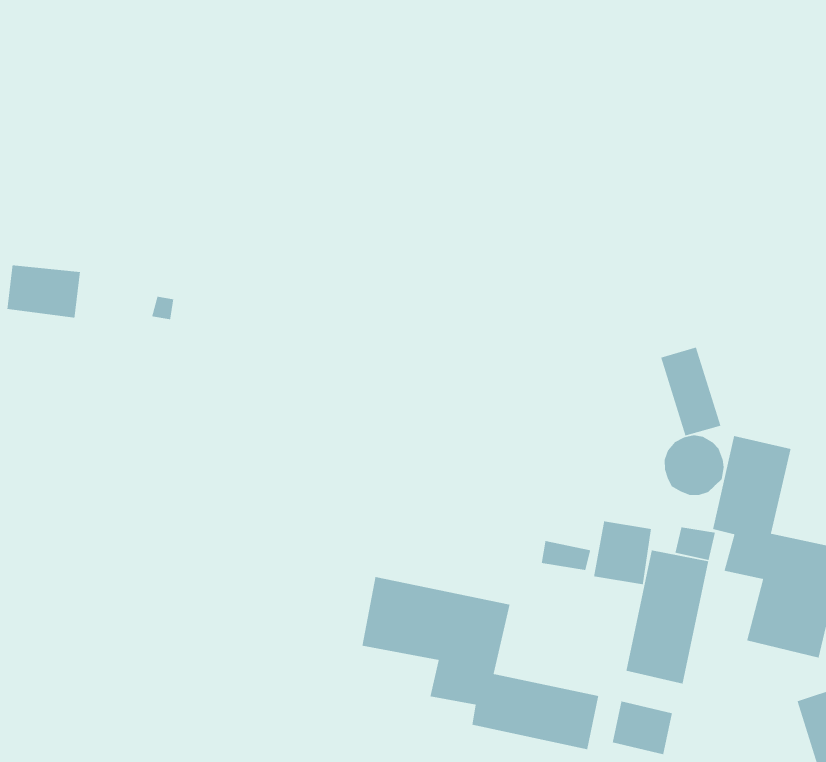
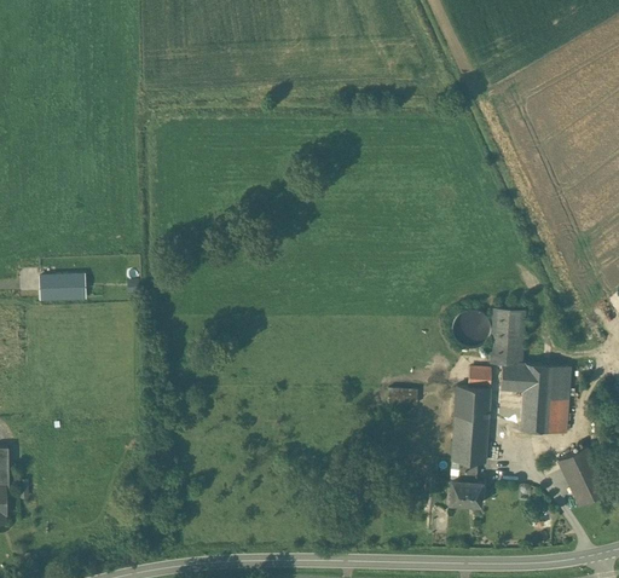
building: [660,347,721,437] -> none
building: [593,520,652,585] -> none
building: [361,576,599,750] -> none

